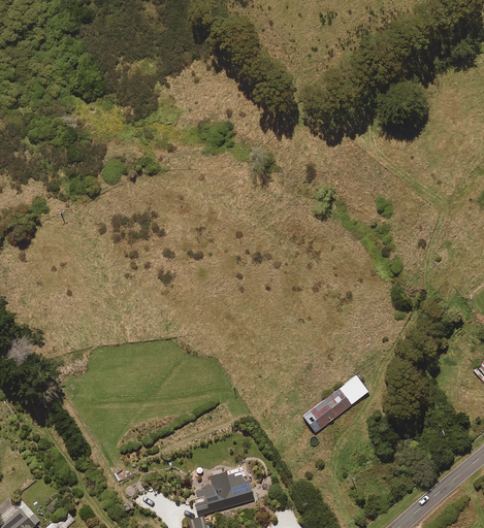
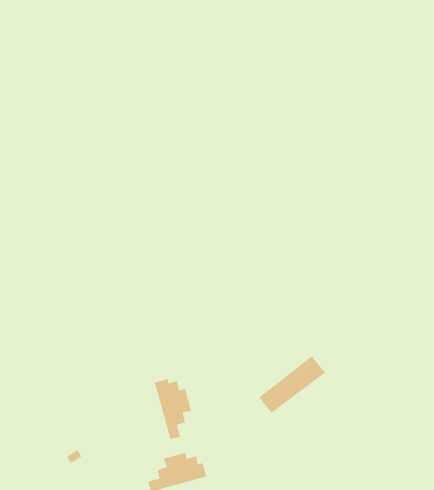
building: none -> [154,378,192,440]

